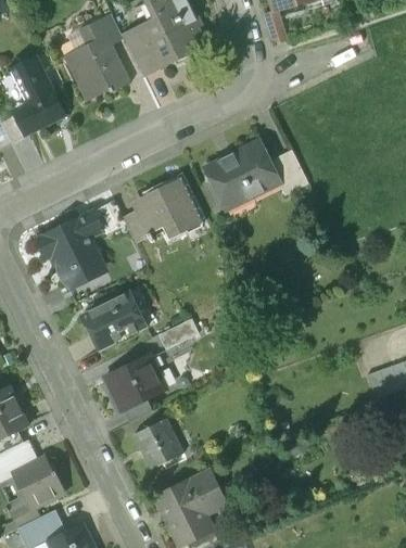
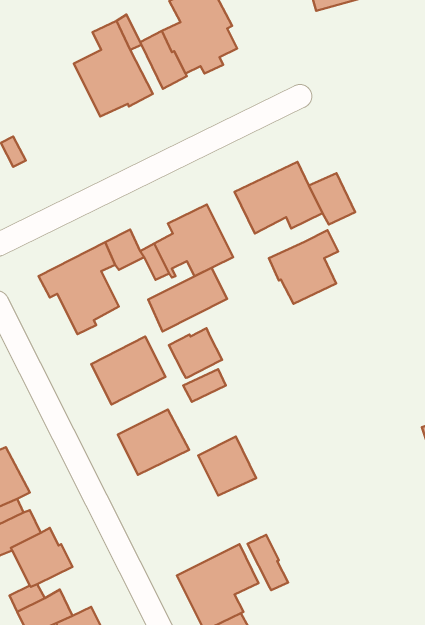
building: [11,59,65,137] -> none
building: none -> [269,230,338,304]
building: none -> [148,268,227,331]
building: none -> [169,328,222,378]
building: [132,418,182,469] -> [198,437,256,496]
building: none -> [247,535,288,590]

